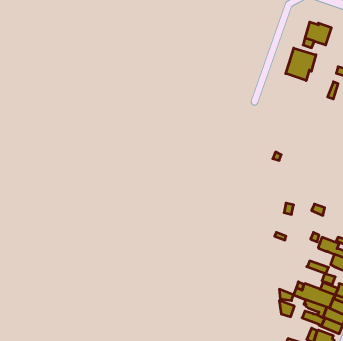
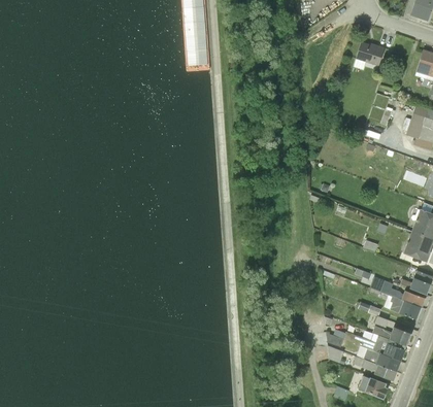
building: [286,48,316,81] -> none

